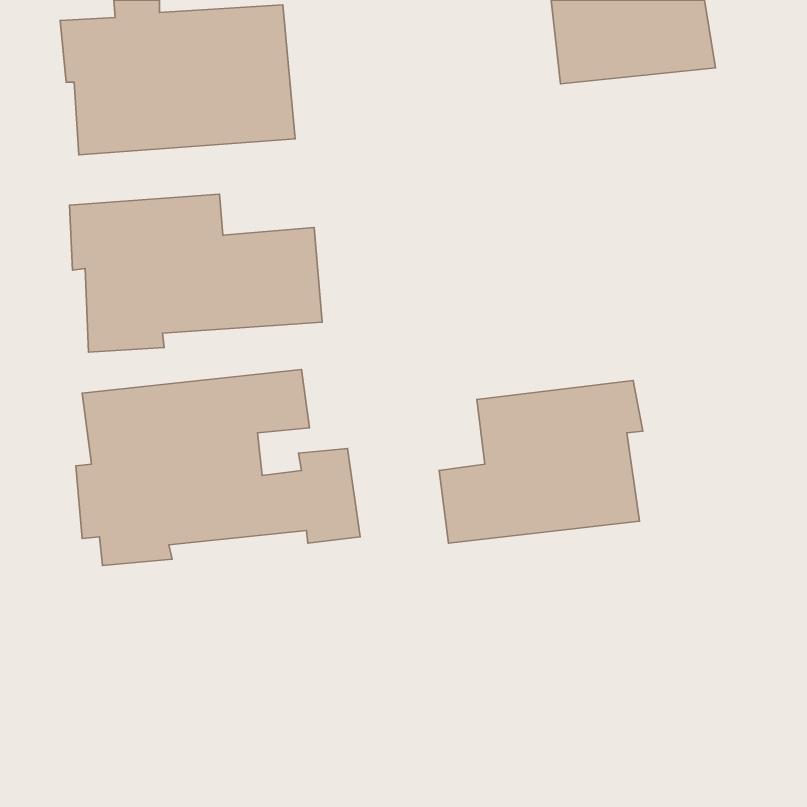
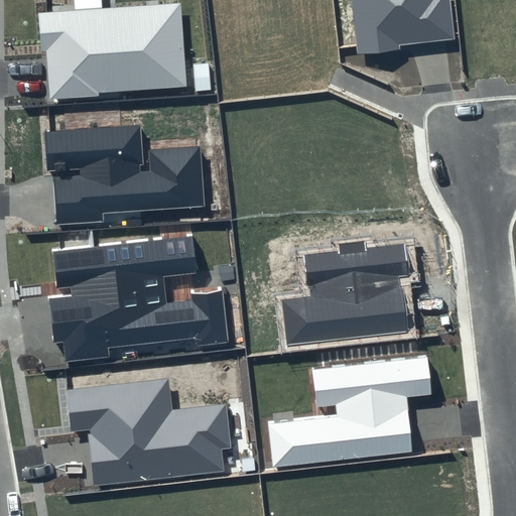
building: none -> [268,356,431,467]
building: none -> [66,378,231,485]

